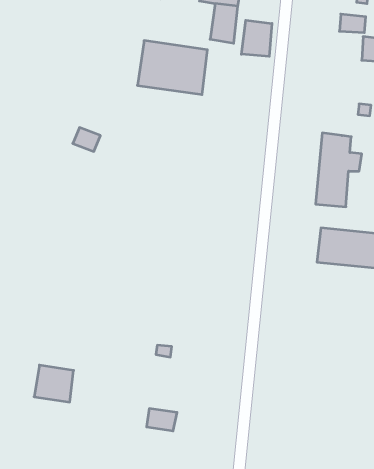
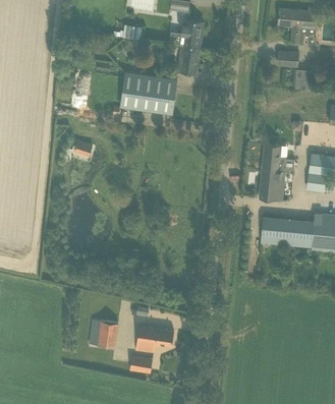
building: [241,20,272,56] -> none
building: [34,365,74,402] -> [88,320,118,348]
building: none -> [136,326,174,353]

